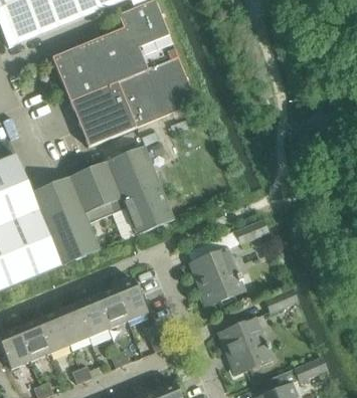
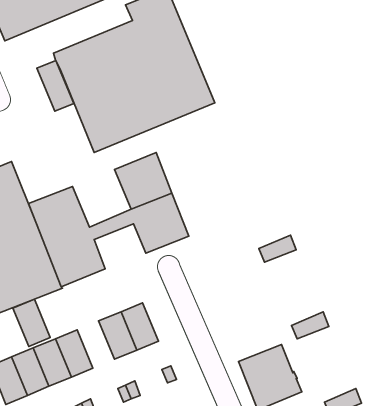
building: none -> [37,60,74,111]
building: [70,161,123,212] -> none
building: [189,246,246,309] -> none
building: [74,295,108,338] -> [13,299,50,347]

